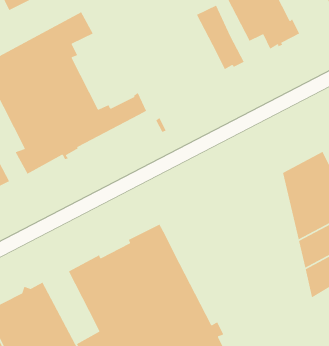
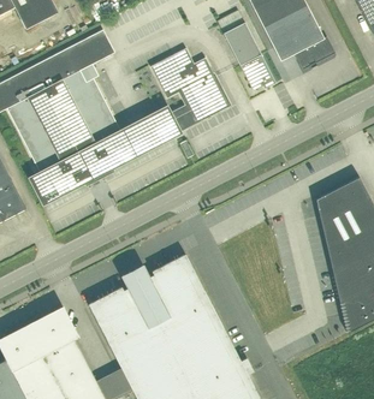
building: none -> [150,47,230,133]

